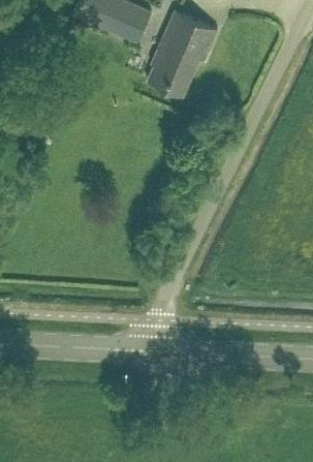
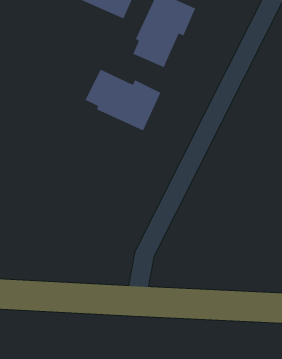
building: none -> [85,68,162,132]

